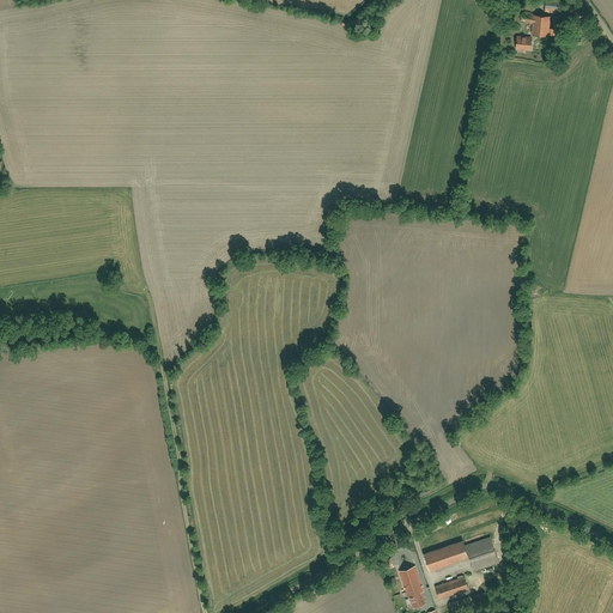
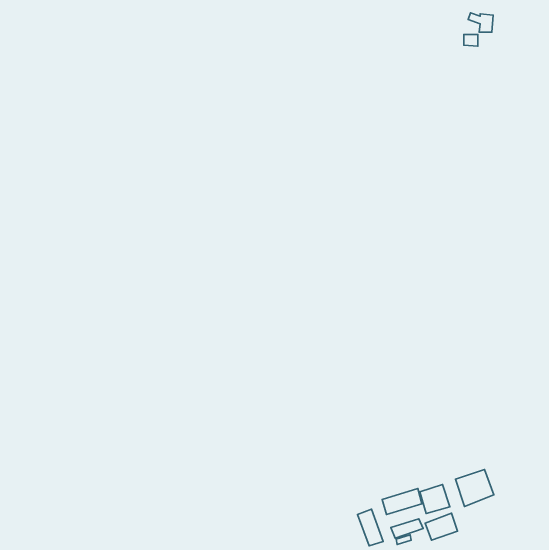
building: none -> [455,470,494,506]
building: none -> [425,513,458,540]

